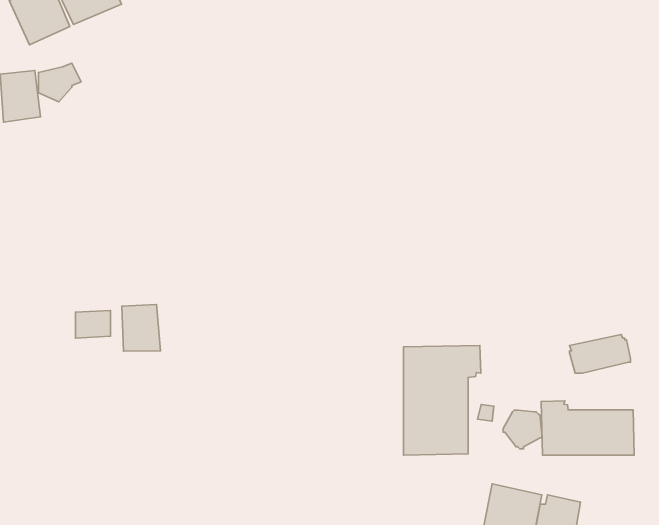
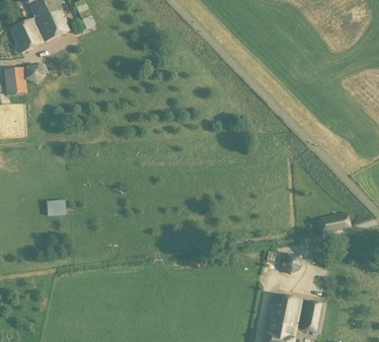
building: [122,304,160,351] -> none
building: [404,345,481,455] -> none
building: [541,401,634,455] -> none

